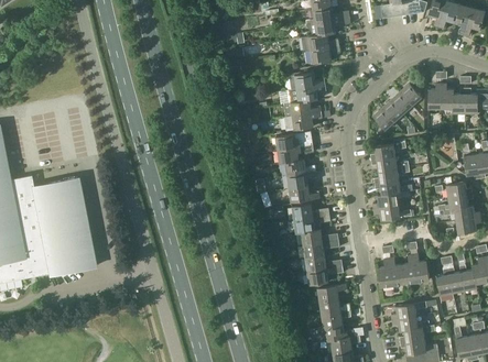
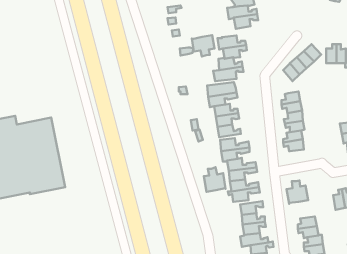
building: none -> [192,35,214,56]
building: none -> [204,167,226,192]
building: [402,254,430,283] -> none

